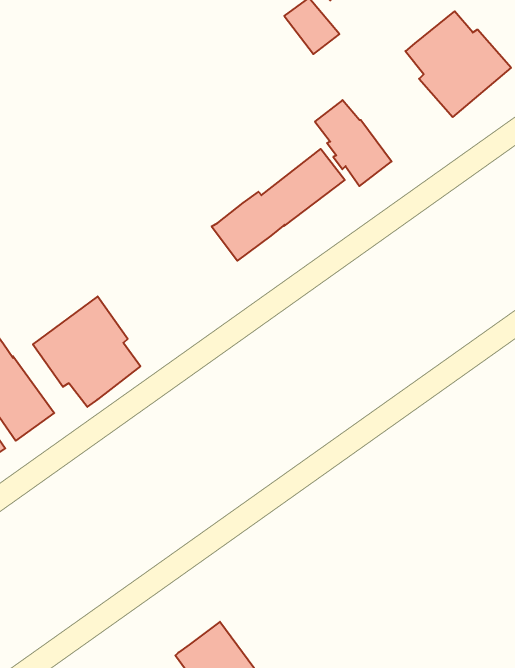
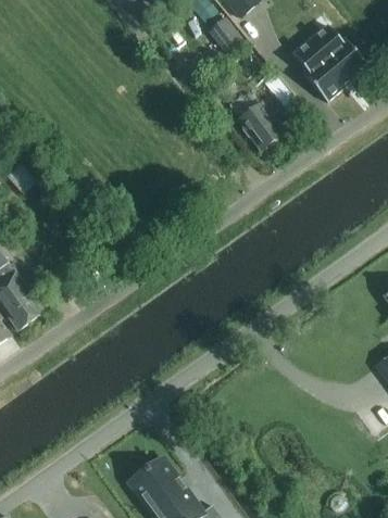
building: [212,149,345,261] -> none
building: [33,296,140,407] -> none

